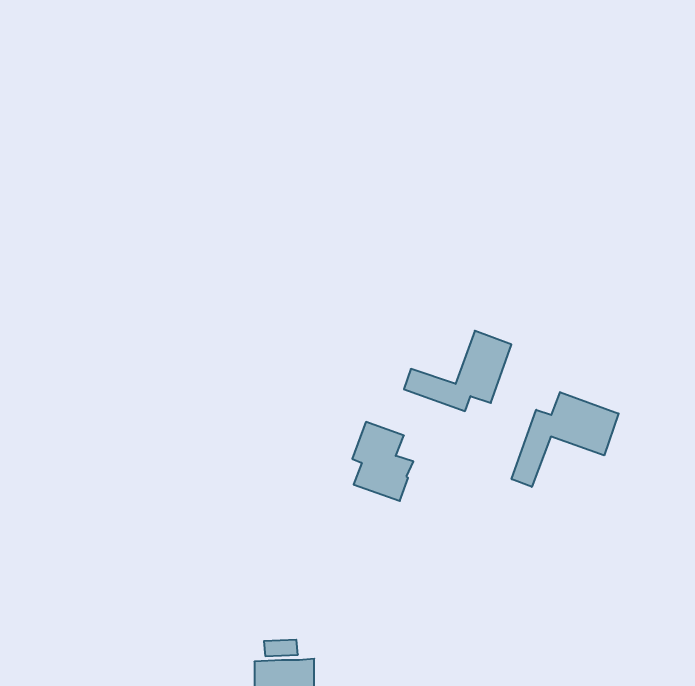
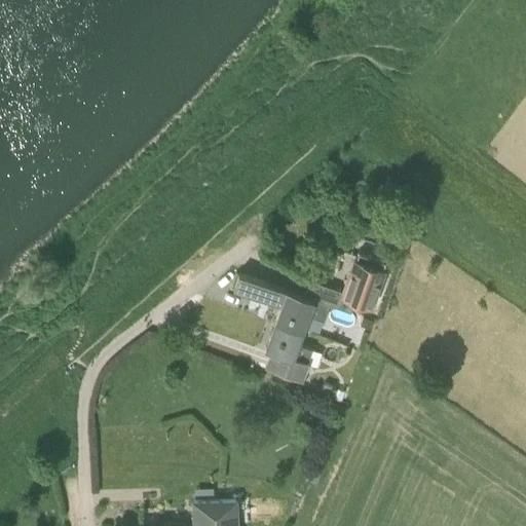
building: none -> [233,279,315,336]
building: [512,392,619,487] -> none

